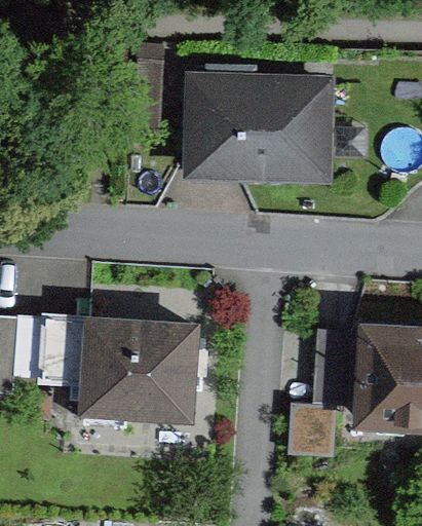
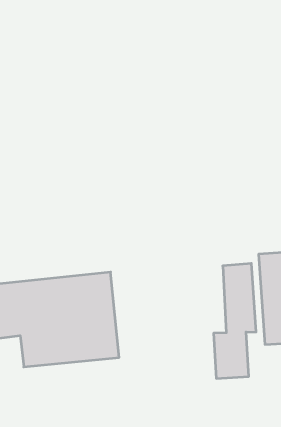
building: [188,80,328,175] -> none

